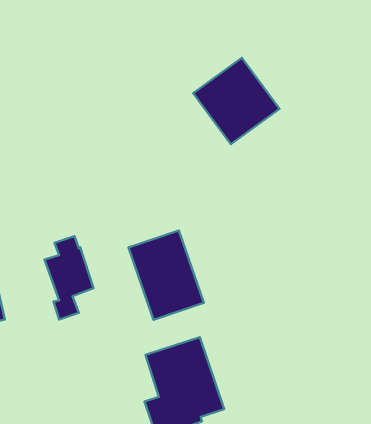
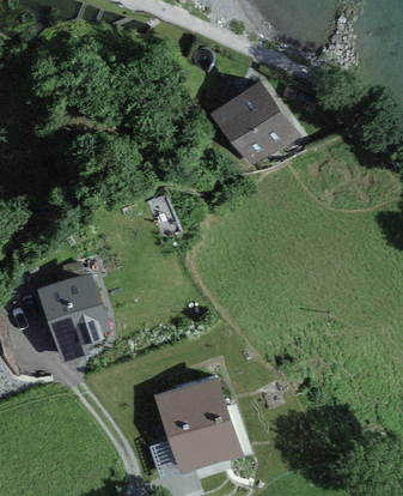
building: [129,230,204,320] -> none

